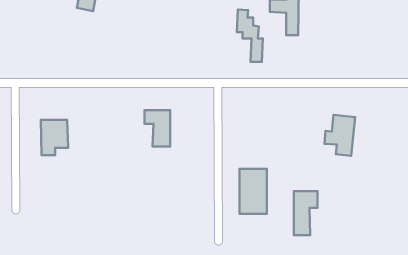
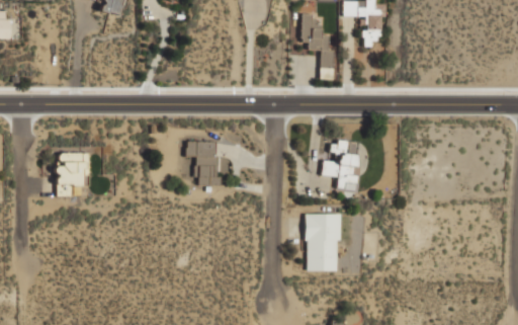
building: [325,115,355,156] -> [322,140,360,191]
building: [294,191,318,235] -> none

